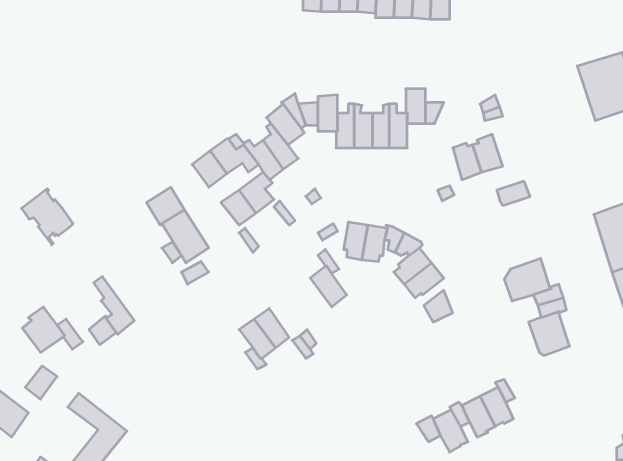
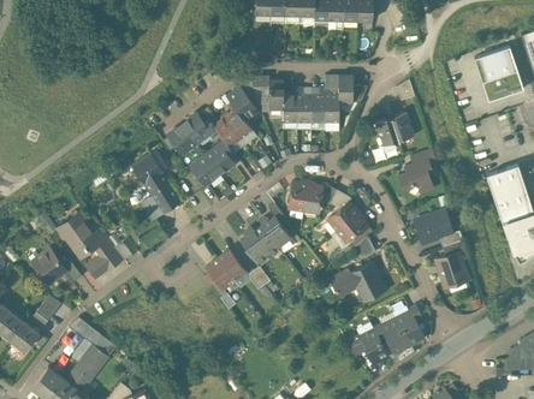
building: [21,189,73,245] -> [58,214,99,258]
building: none -> [399,163,433,193]
building: none -> [241,226,279,264]
building: none -> [332,262,386,303]

